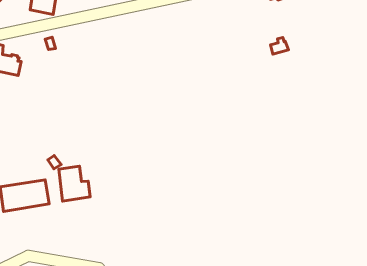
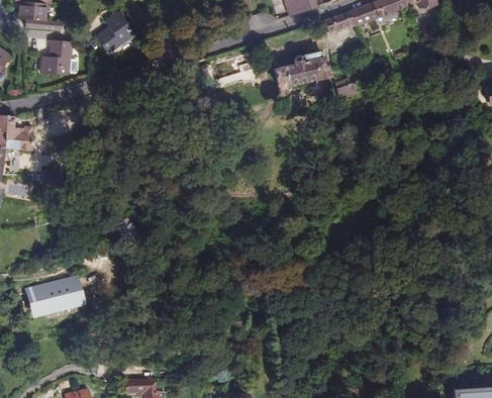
building: none -> [273,53,329,88]
building: [59,166,90,201] -> none

